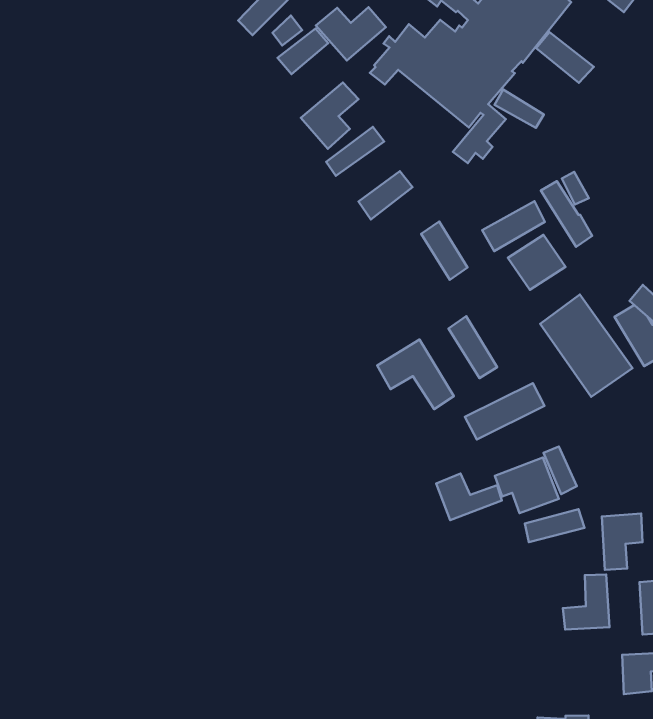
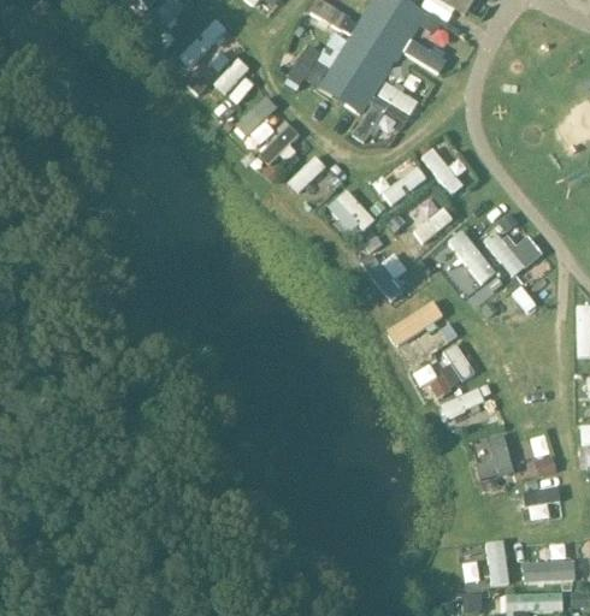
building: [316,7,386,61] -> none
building: [377,340,454,409] -> none
building: [436,474,502,520] -> none
building: [602,514,643,570] -> none

